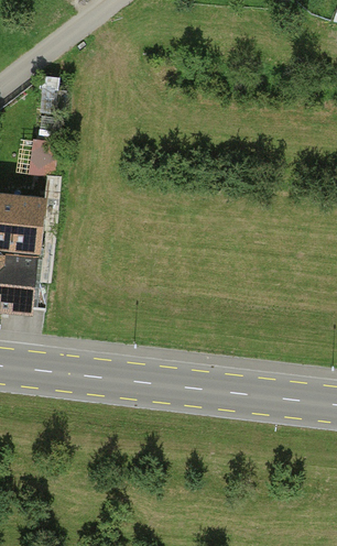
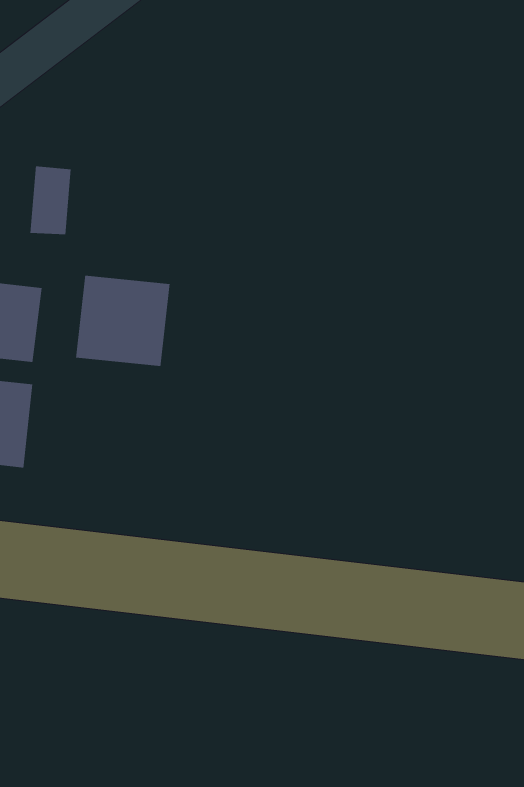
building: none -> [76,275,170,367]

